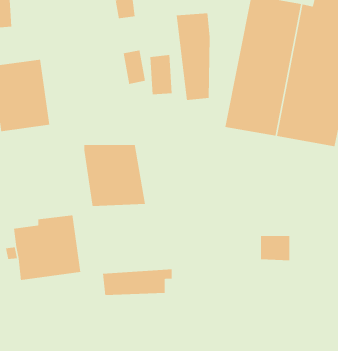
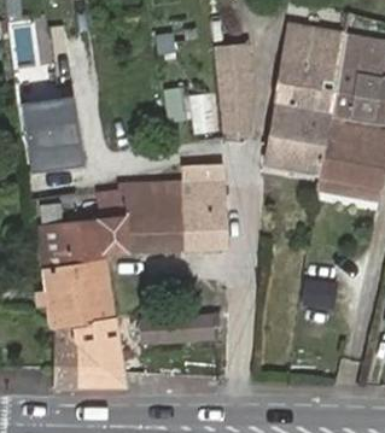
building: none -> [173,169,226,248]
building: none -> [37,192,127,274]
building: none -> [52,320,126,387]

